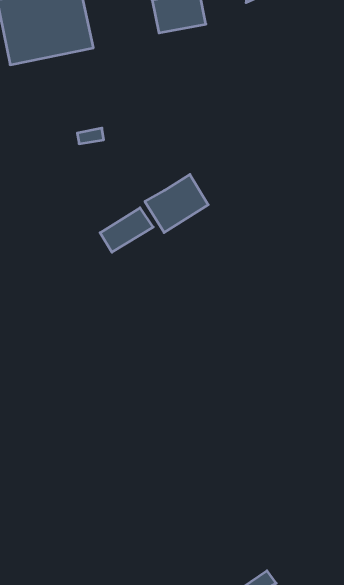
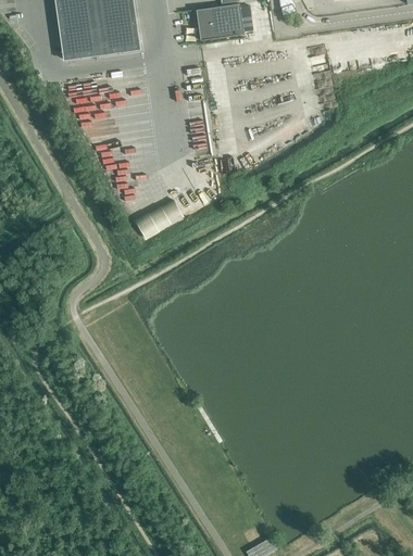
building: [145,174,208,233] -> none

